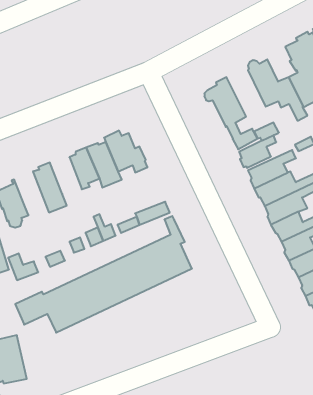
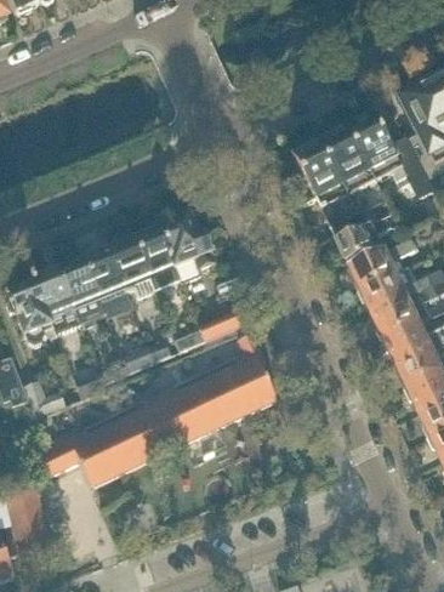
building: none -> [323,130,376,193]
building: none -> [81,249,125,298]
building: none -> [33,268,80,334]

